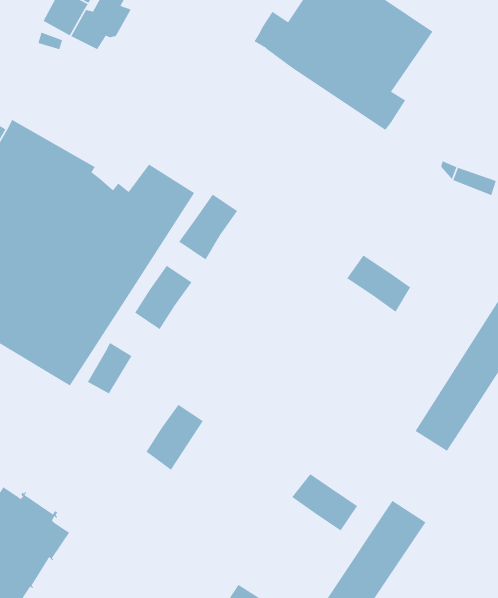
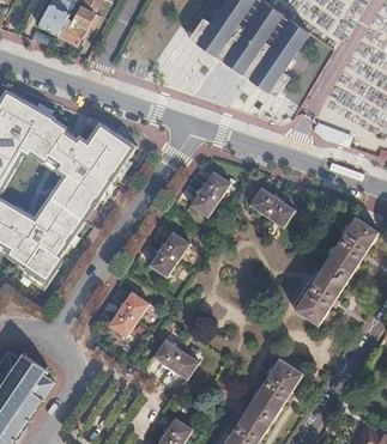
building: [178,194,238,261] -> [188,171,230,218]
building: [134,265,192,330] -> [149,231,189,276]
building: [87,342,132,395] -> none
building: [291,473,358,531] -> [152,339,199,379]

